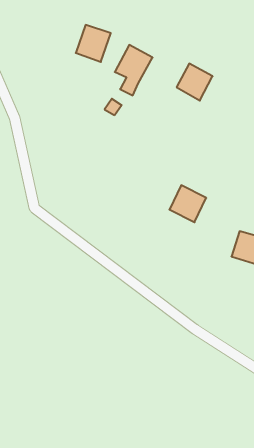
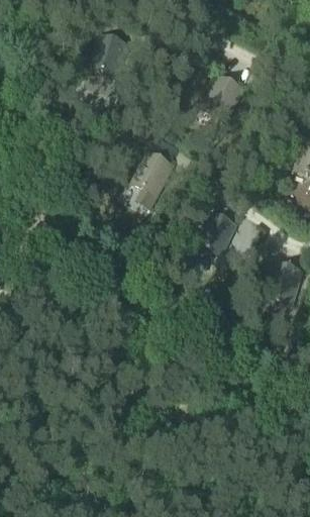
building: [115,45,153,95] -> [133,149,176,206]

